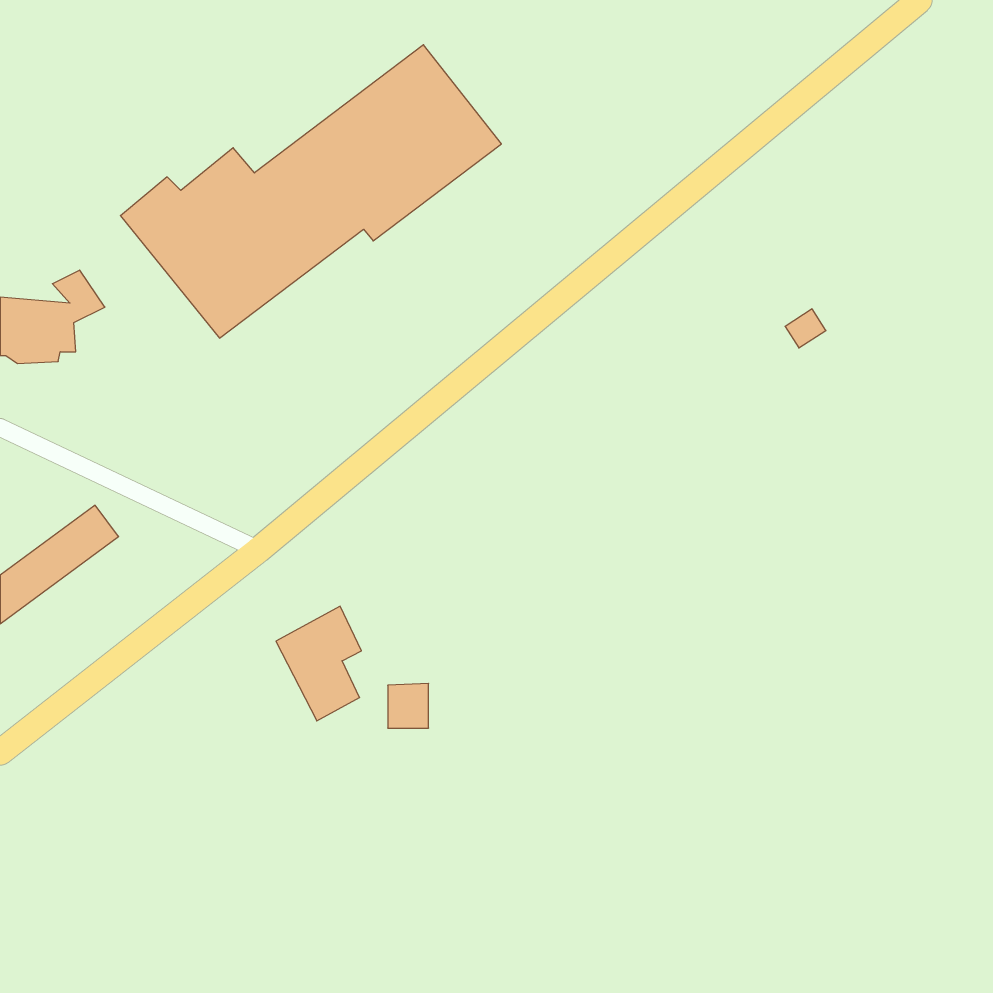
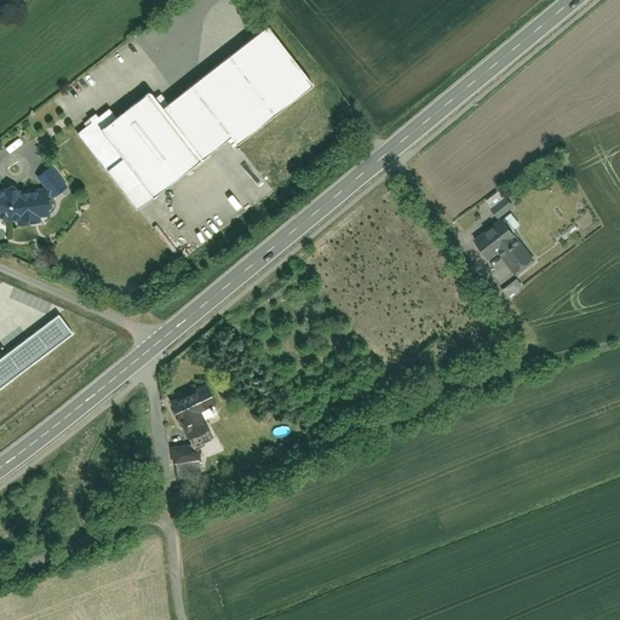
building: none -> [471,213,538,279]
building: [388,683,429,728] -> [173,449,199,477]

